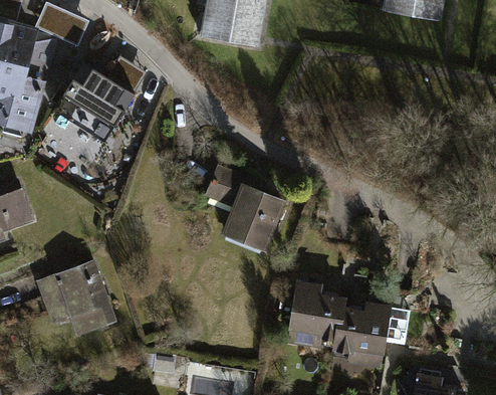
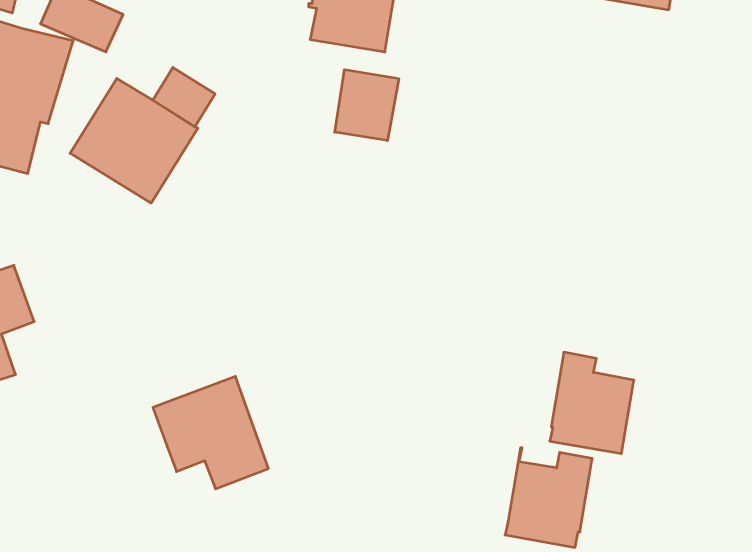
building: none -> [335,70,399,141]
building: [207,167,282,248] -> none
building: [39,261,113,334] -> [153,376,268,489]
building: [289,282,343,348] -> [550,352,634,454]

